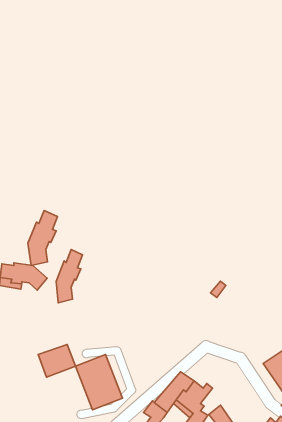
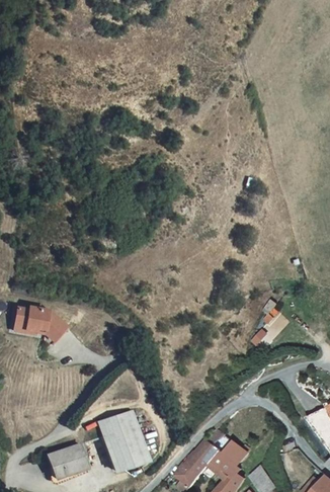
building: [28,211,58,265] -> none
building: [56,250,82,303] -> none
building: [38,345,75,377] -> [47,441,88,478]

